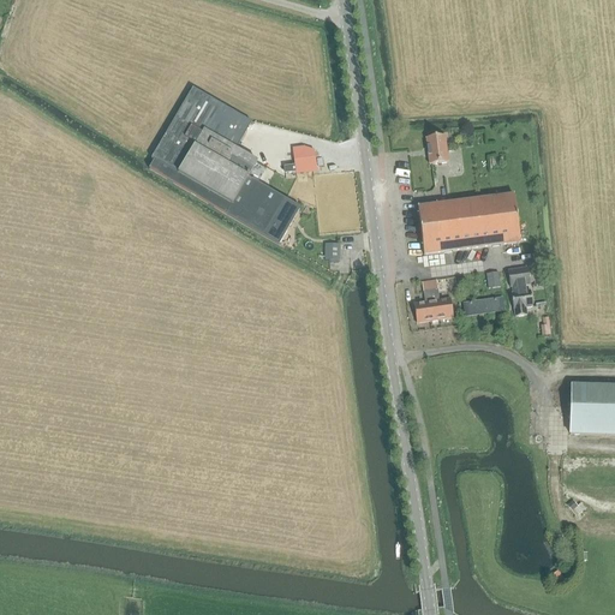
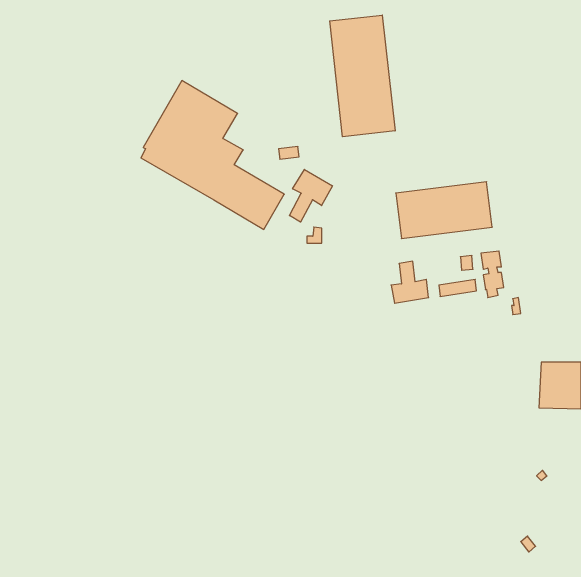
building: none -> [330,15,395,137]
building: [425,133,449,162] -> none
building: none -> [289,169,332,222]

